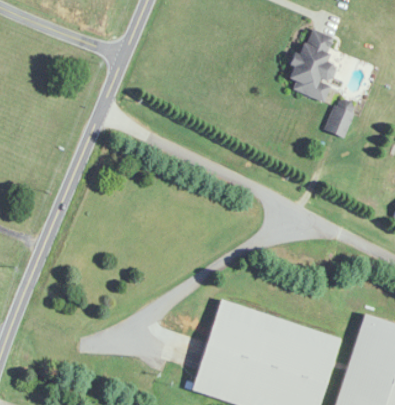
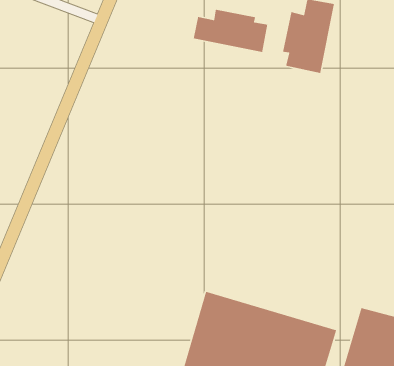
building: none -> [193,9,268,53]
building: [326,101,356,137] -> none

